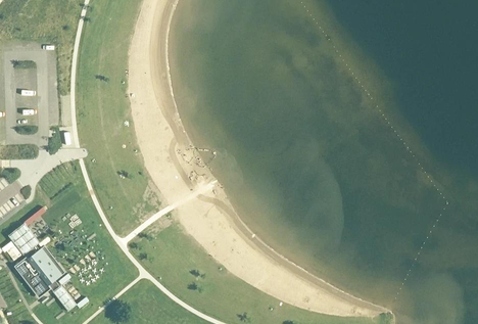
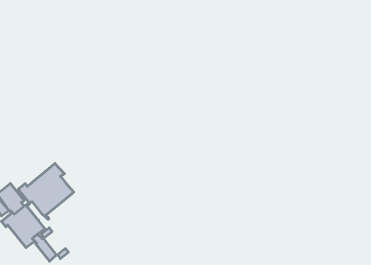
building: none -> [18,163,74,219]

